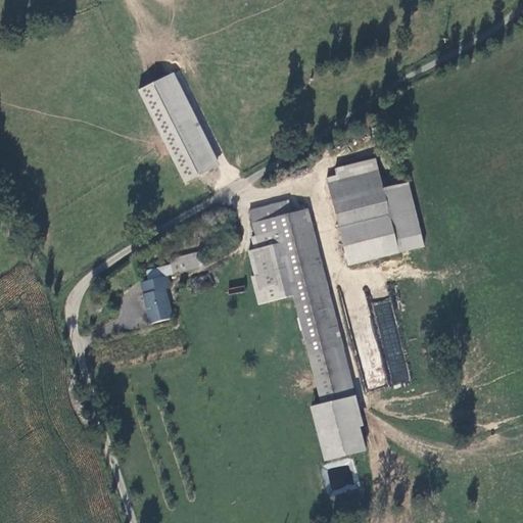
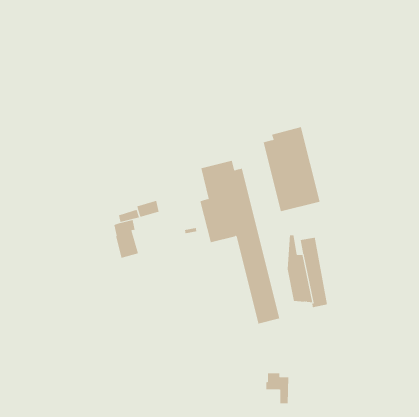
building: [140,75,215,182] -> none
building: [384,182,424,251] -> none
building: [312,395,367,460] -> none

